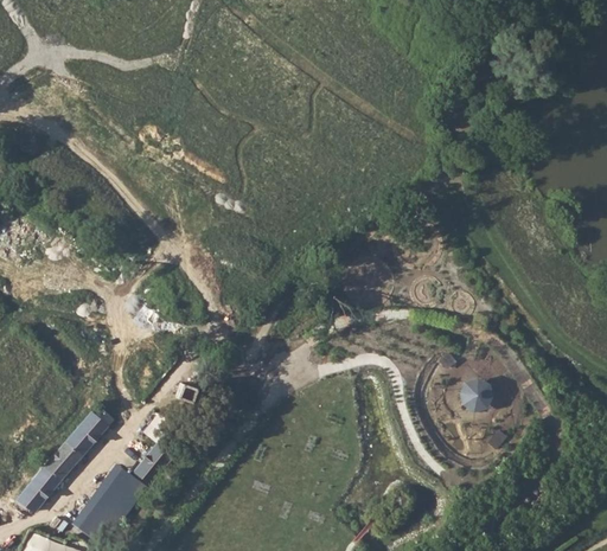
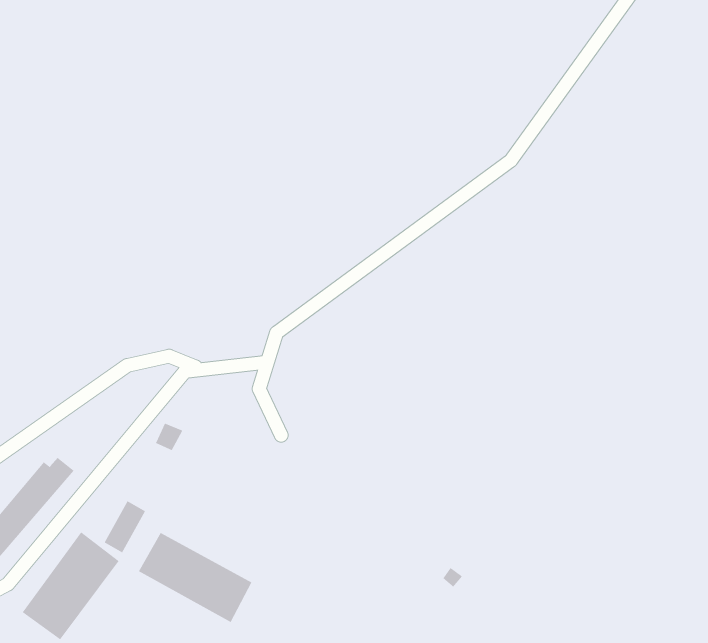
building: [460,378,496,412] -> none
building: none -> [138,532,252,623]

